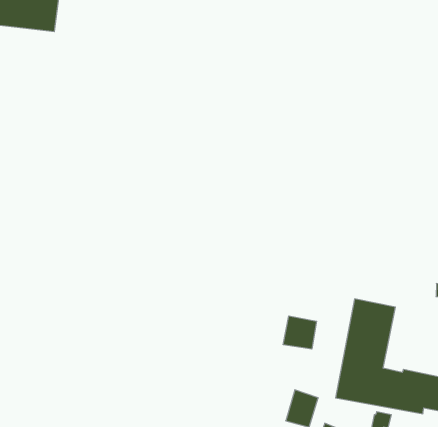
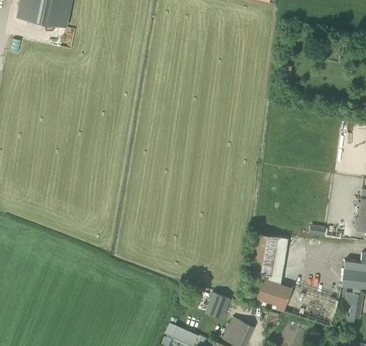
building: [283,316,317,349] -> none

